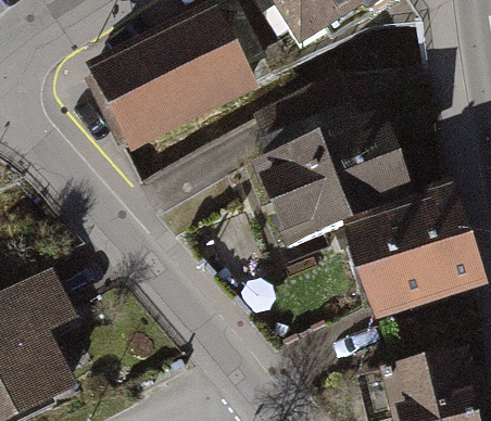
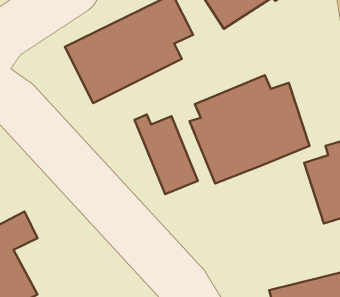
building: none -> [135,115,198,194]
building: [349,218,427,314] -> none

